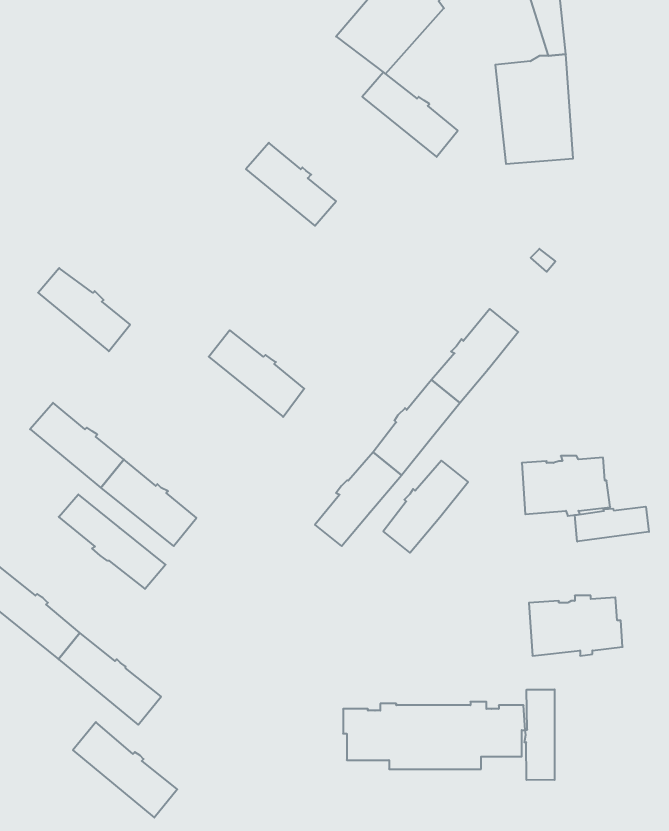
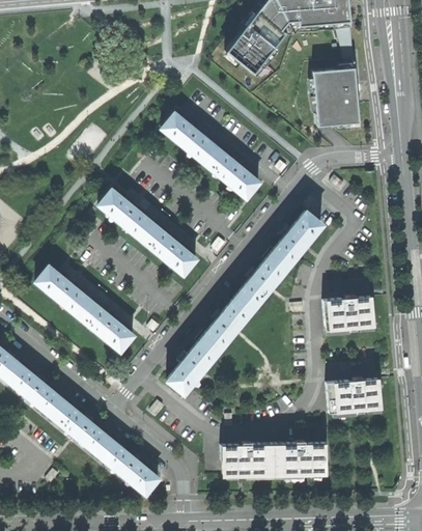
building: [362,72,458,157] -> [204,148,260,198]
building: [38,268,130,351] -> [101,191,154,240]
building: [383,461,468,553] -> [170,338,220,392]
building: [59,494,166,589] -> none
building: [575,507,649,542] -> none
building: [524,689,555,780] -> none
building: [73,722,177,818] -> [101,439,162,495]

